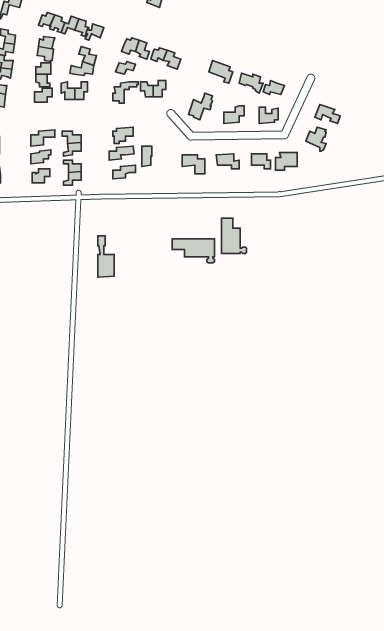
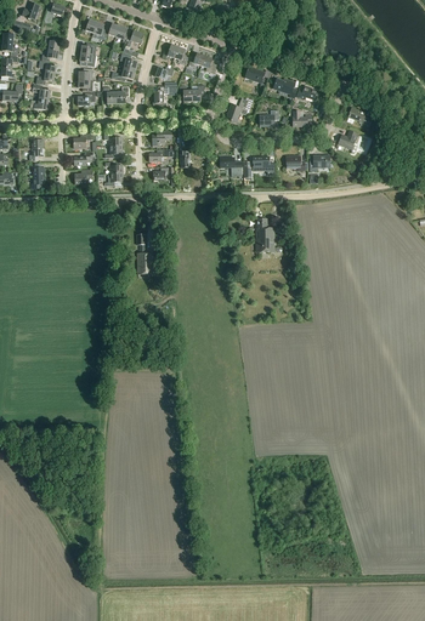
building: [172,239,214,263] -> none

